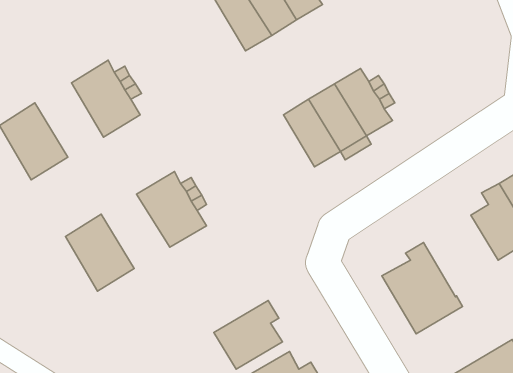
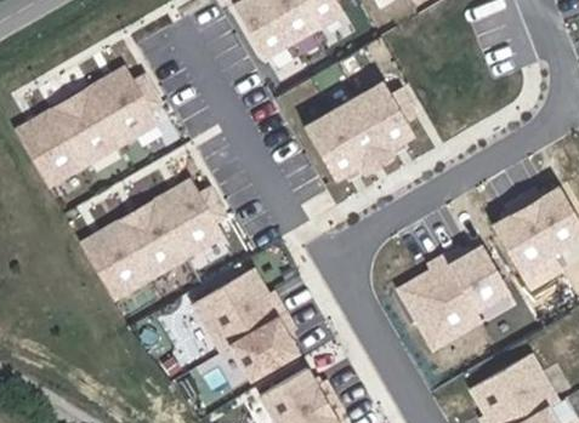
building: none -> [44,91,114,167]
building: none -> [112,205,182,281]
building: none -> [442,241,515,310]
building: none -> [188,273,283,354]

